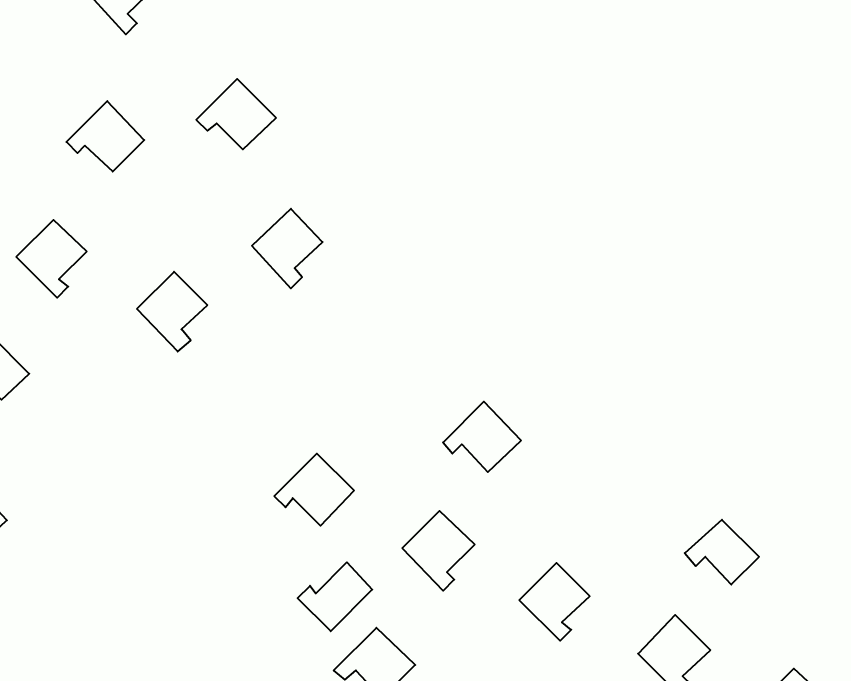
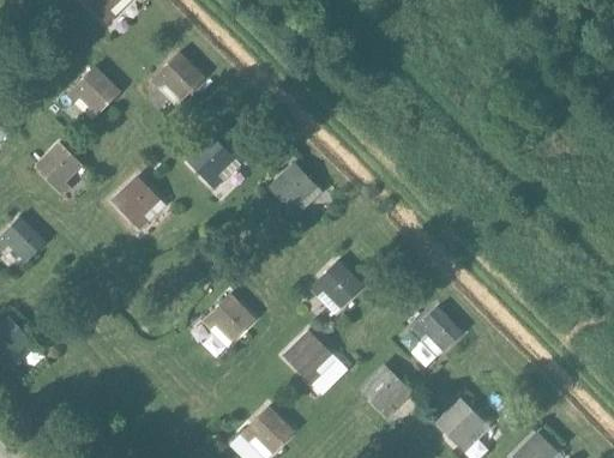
building: none -> [270,163,317,215]
building: [685,520,759,585] -> [414,308,462,350]
building: [298,562,372,631] -> none

